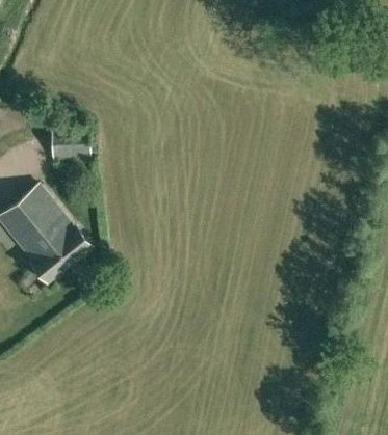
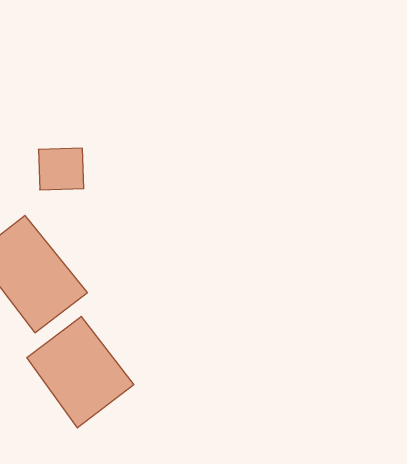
building: none -> [27,316,134,428]

